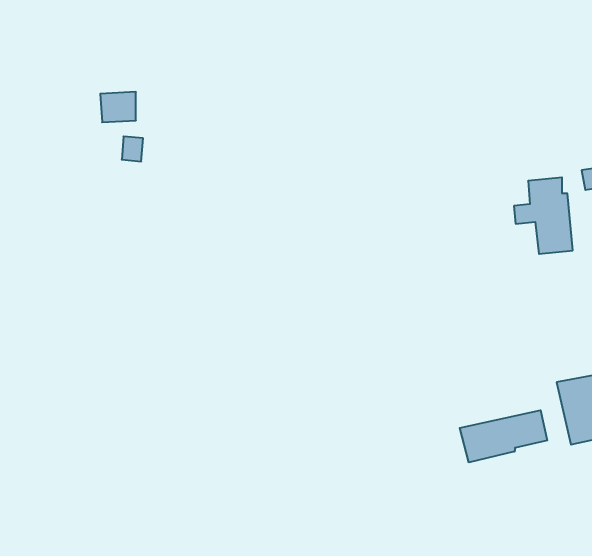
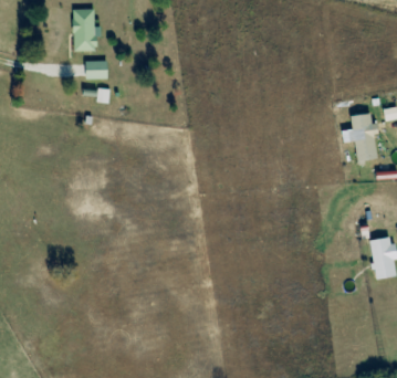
building: none -> [72,8,101,51]
building: [460,410,547,462] -> none

